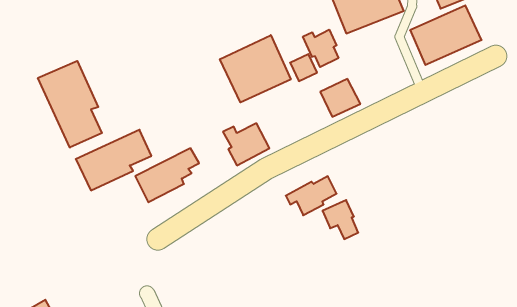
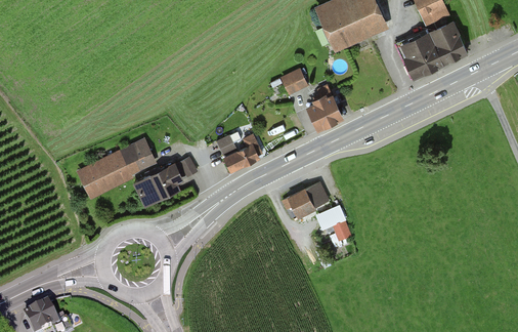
building: [303,30,338,67] -> none
building: [220,35,291,102] -> none
building: [38,61,102,148] -> none

